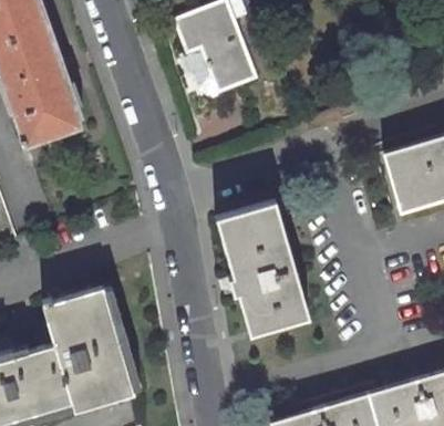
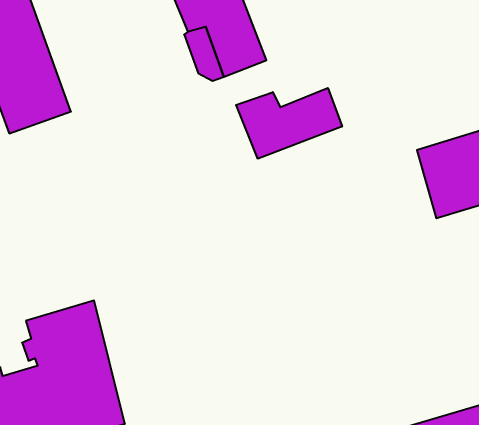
building: none -> [236,88,342,159]
building: [215,201,307,332] -> none

